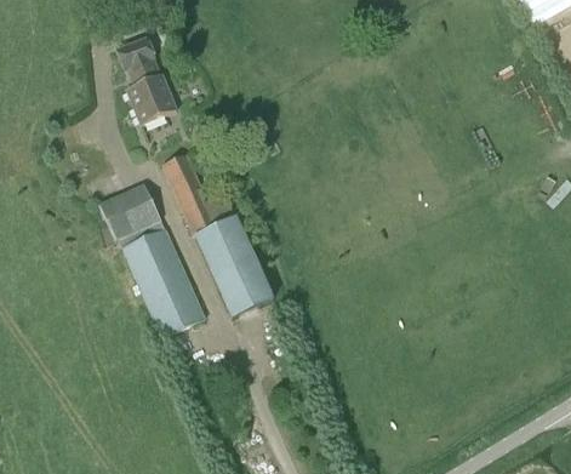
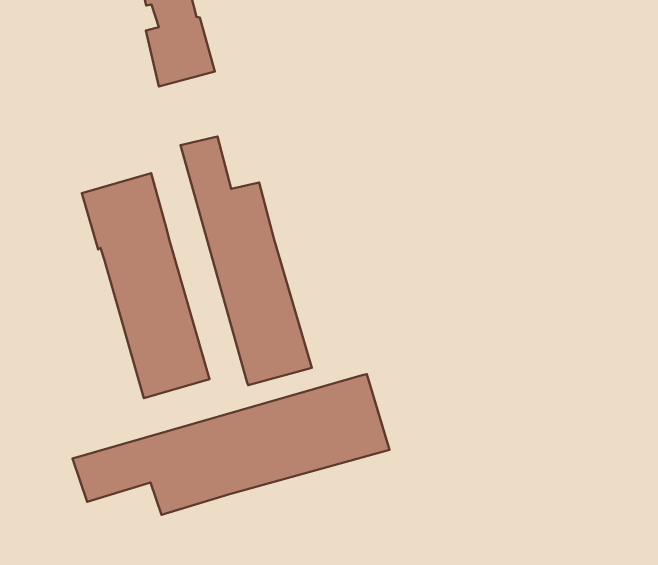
building: none -> [72,374,389,515]

